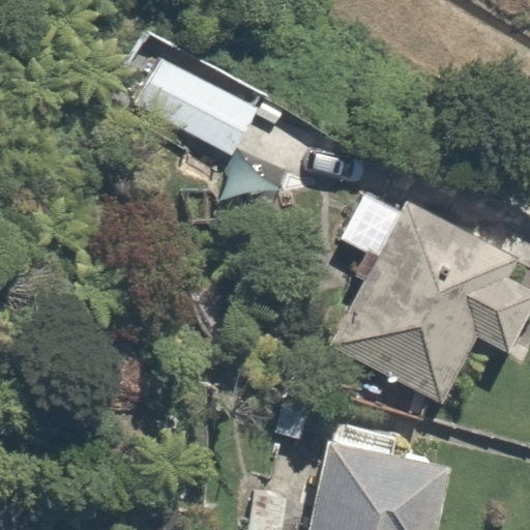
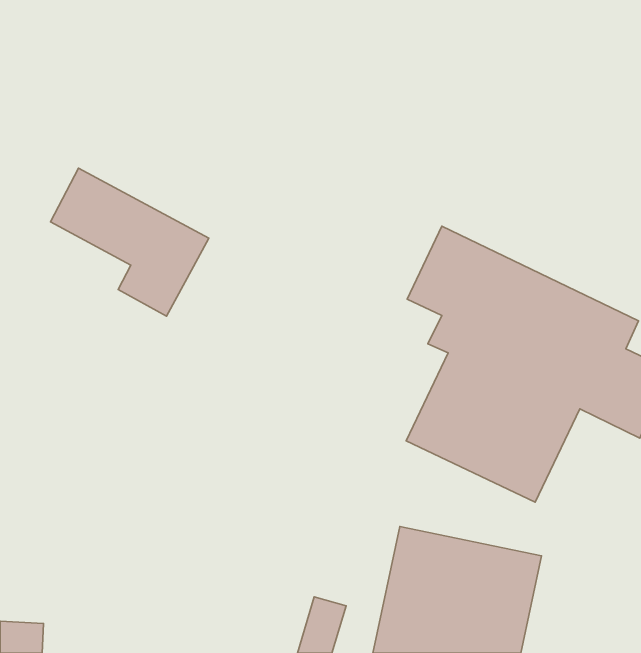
building: [132,56,261,176] -> [50,168,209,316]

